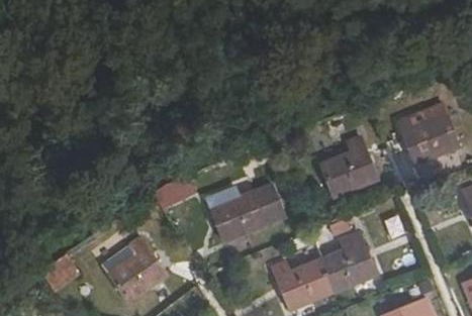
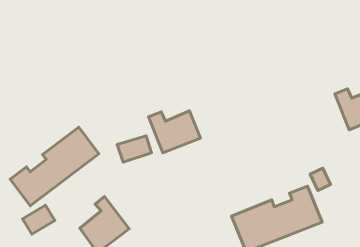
building: [328,133,387,194] -> none
building: none -> [10,127,99,206]
building: [217,187,279,236] -> [148,111,200,153]

